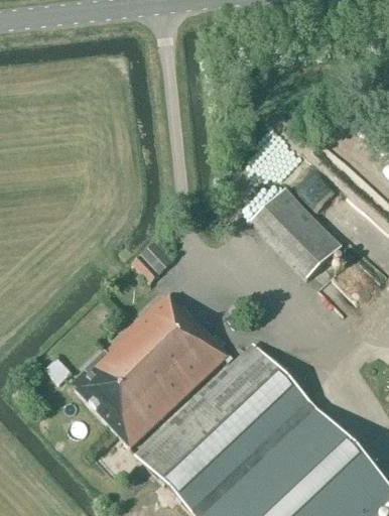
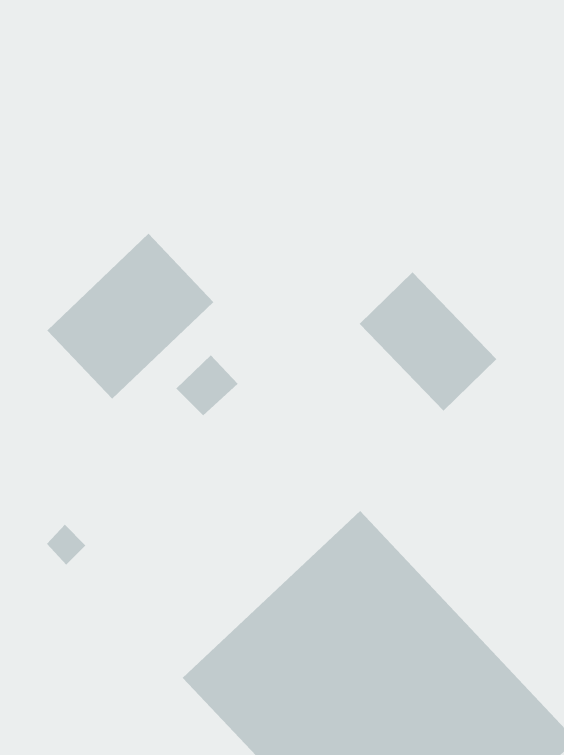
building: none -> [47,233,214,399]
building: [72,294,234,447] -> none

